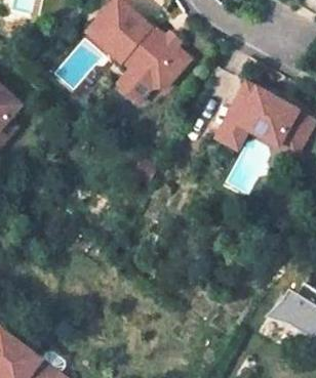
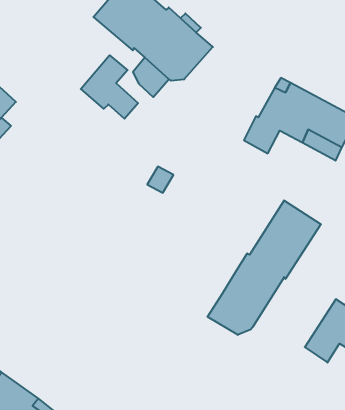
building: none -> [81,55,138,119]
building: none -> [208,200,321,335]

